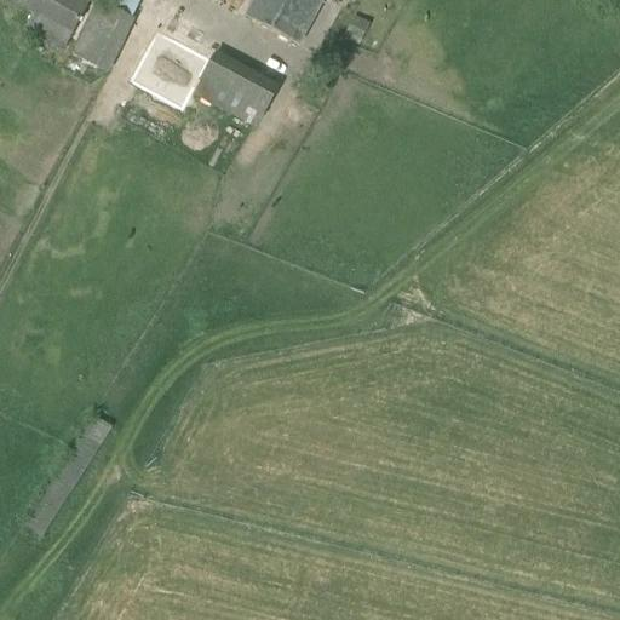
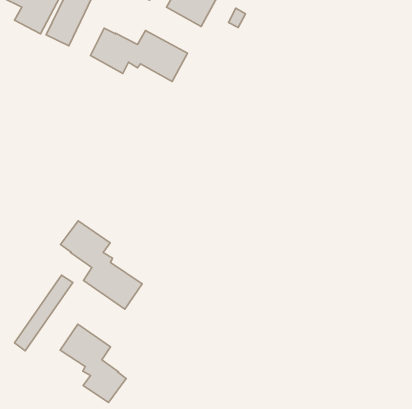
building: none -> [61,221,142,309]
building: none -> [60,324,126,402]

